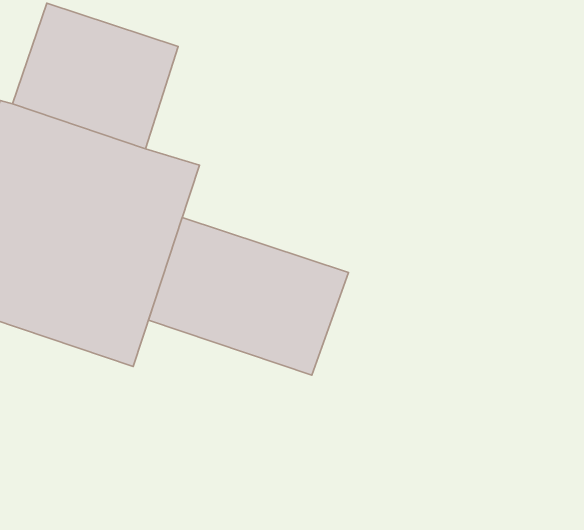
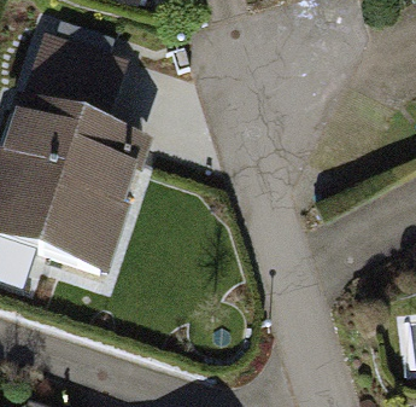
building: [149,218,349,375] -> none

